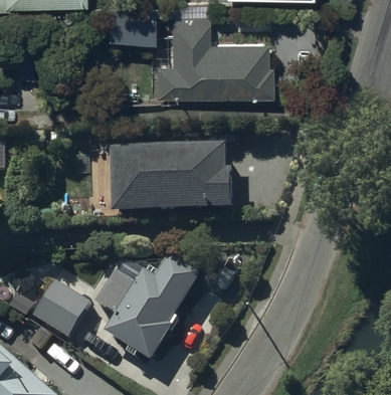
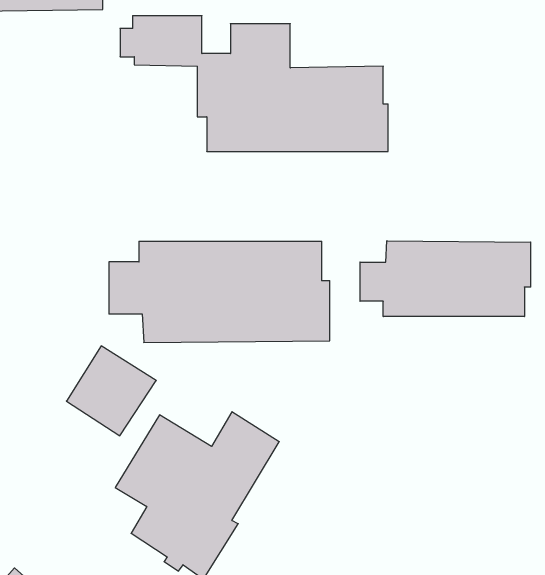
building: none -> [360,241,531,317]
building: [32,276,89,334] -> [66,346,156,436]

